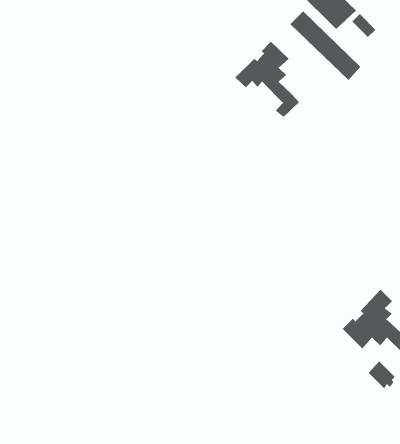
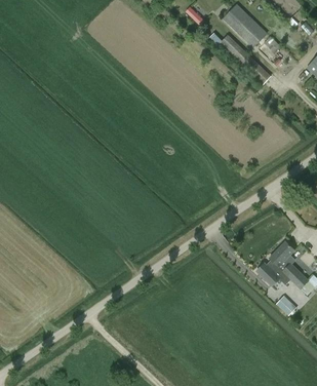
building: [235,41,300,118] -> none

